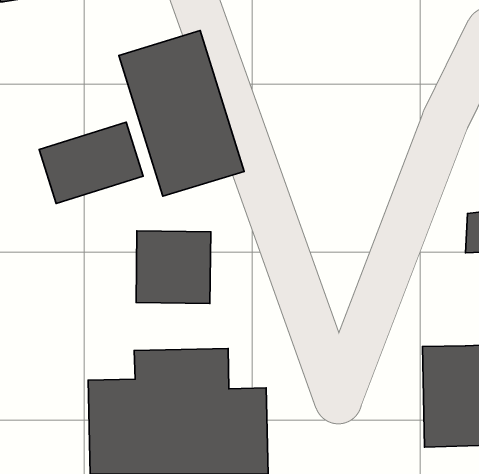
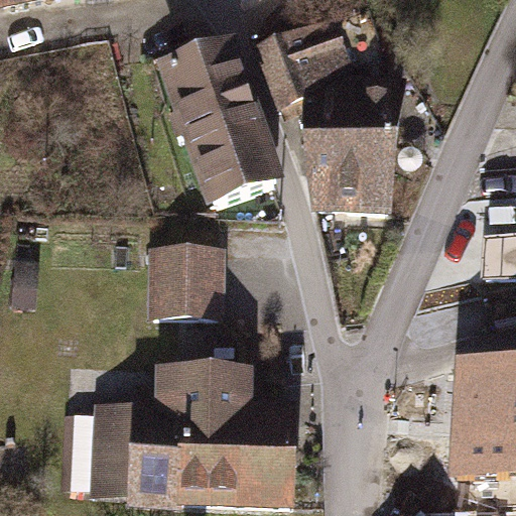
building: none -> [263,13,390,217]
building: [39,122,143,204] -> none

